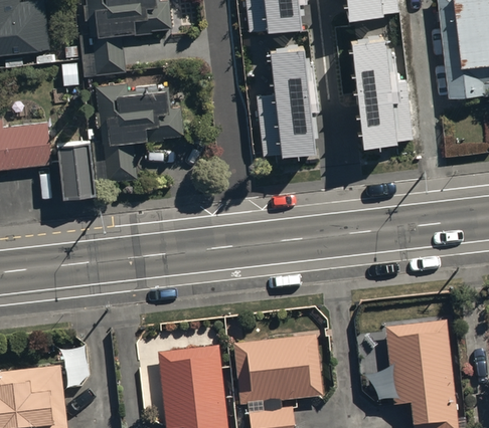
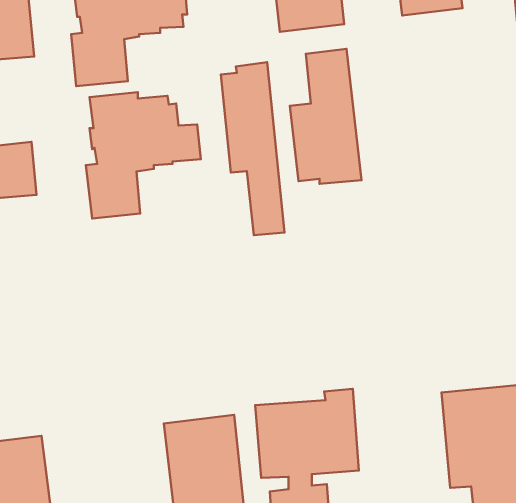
building: [352,37,415,149] -> none
building: none -> [221,62,285,235]
building: [58,146,95,204] -> none

